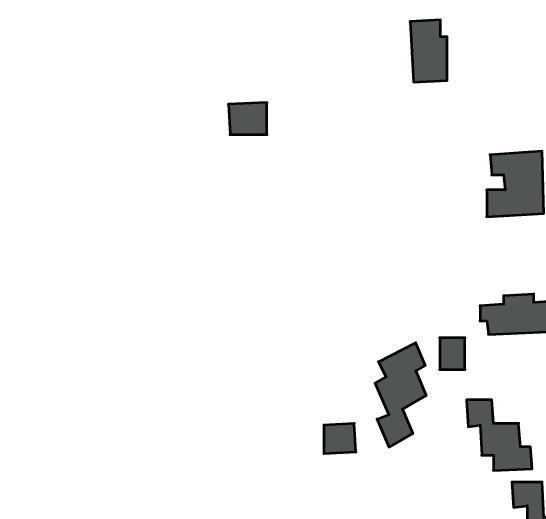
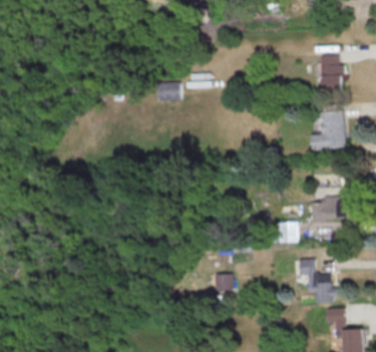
building: [410,20,447,82] -> [320,55,342,92]
building: [375,343,426,447] -> none

